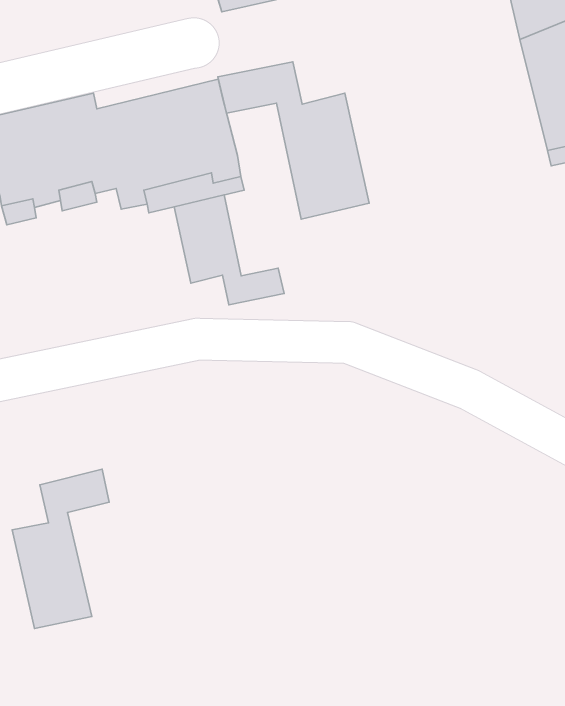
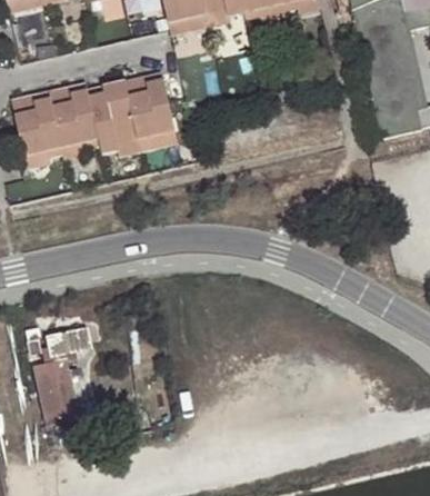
building: [218,62,369,219] -> none
building: [174,195,284,305] -> none

